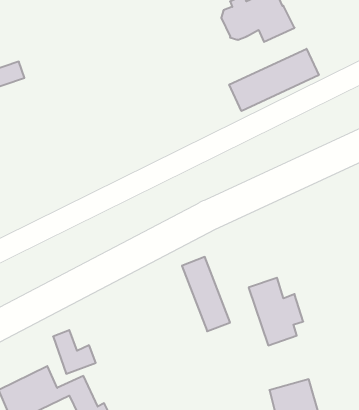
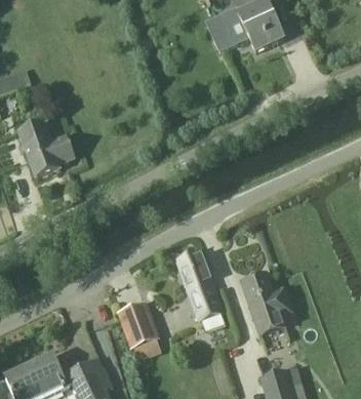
building: [229,49,319,111] -> none
building: none -> [18,120,74,174]
building: [53,330,96,374] -> [118,305,158,346]

